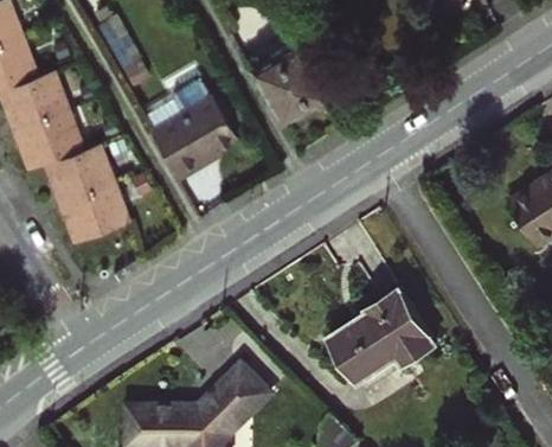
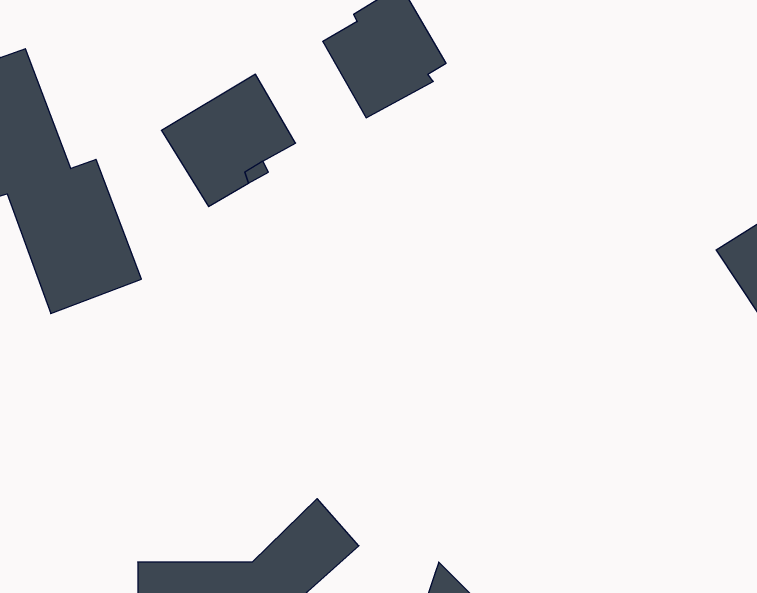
building: [334,283,439,378] -> none

